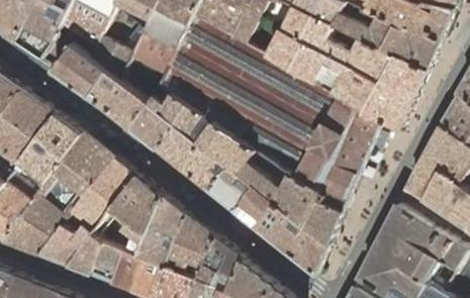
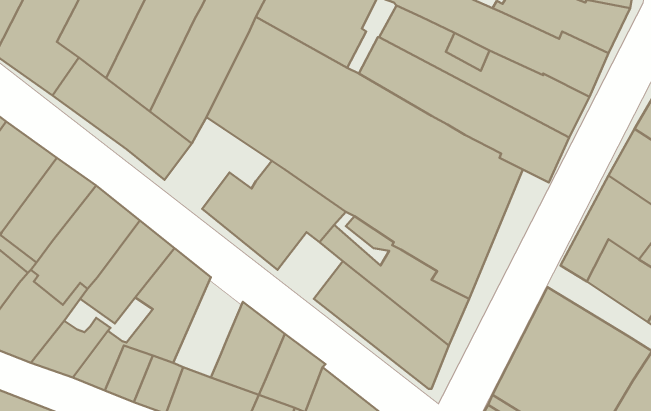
building: [129,85,204,148] -> none
building: [208,165,254,211] -> none
building: [135,196,184,266] -> none

